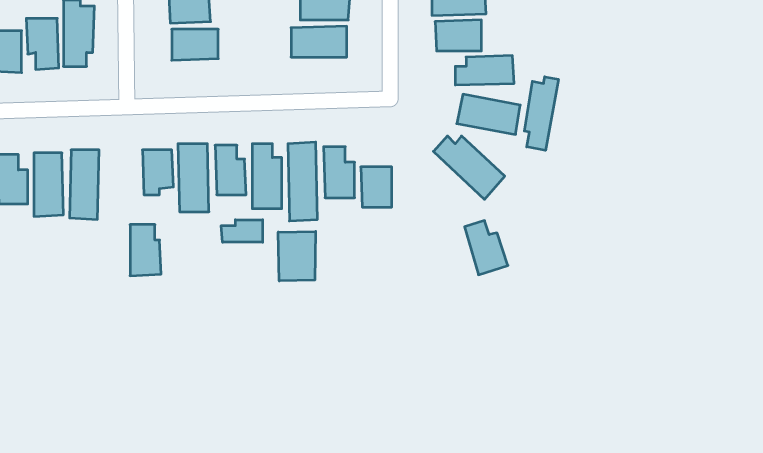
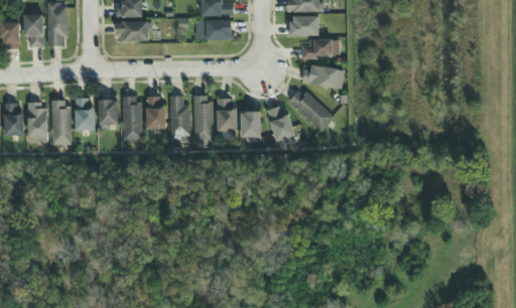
building: [524,77,558,150] -> none
building: [221,220,263,242] -> none
building: [465,221,508,275] -> [267,106,295,141]
building: [130,225,161,276] -> [76,98,96,131]
building: [278,231,316,281] -> none

